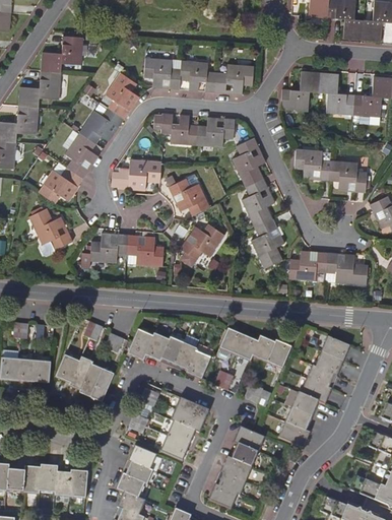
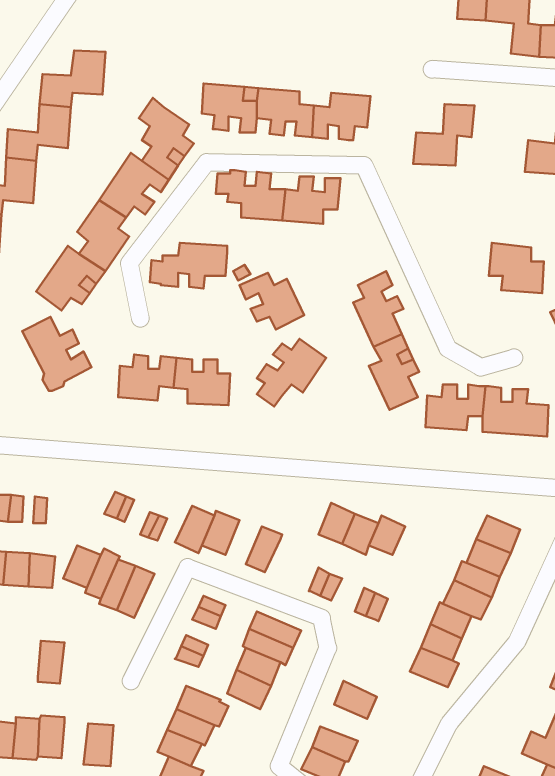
building: [318,71,354,114] -> none
building: [232,137,265,187] -> none
building: [293,147,331,181] -> none
building: [159,336,183,367] -> none
building: [267,339,290,368] -> none
building: [185,350,210,378] -> none
building: [234,426,264,452] -> none
building: [220,456,251,480] -> none
building: [54,468,71,496] -> [38,641,65,683]

